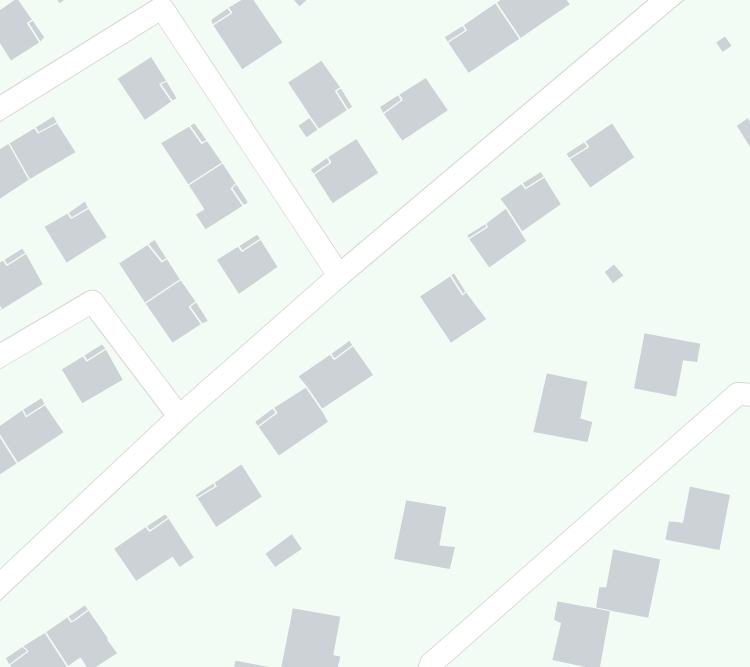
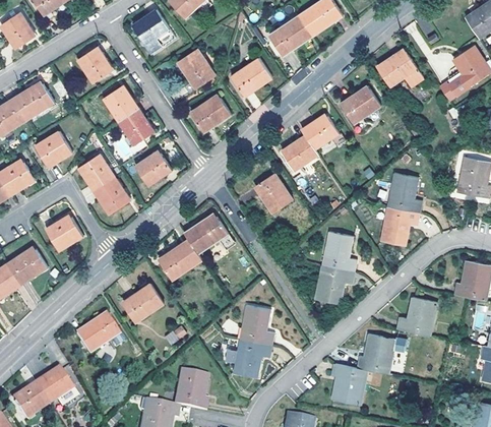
building: none -> [376,48,423,86]
building: none -> [385,173,422,213]
building: none -> [313,265,353,304]
building: none -> [225,340,272,377]

